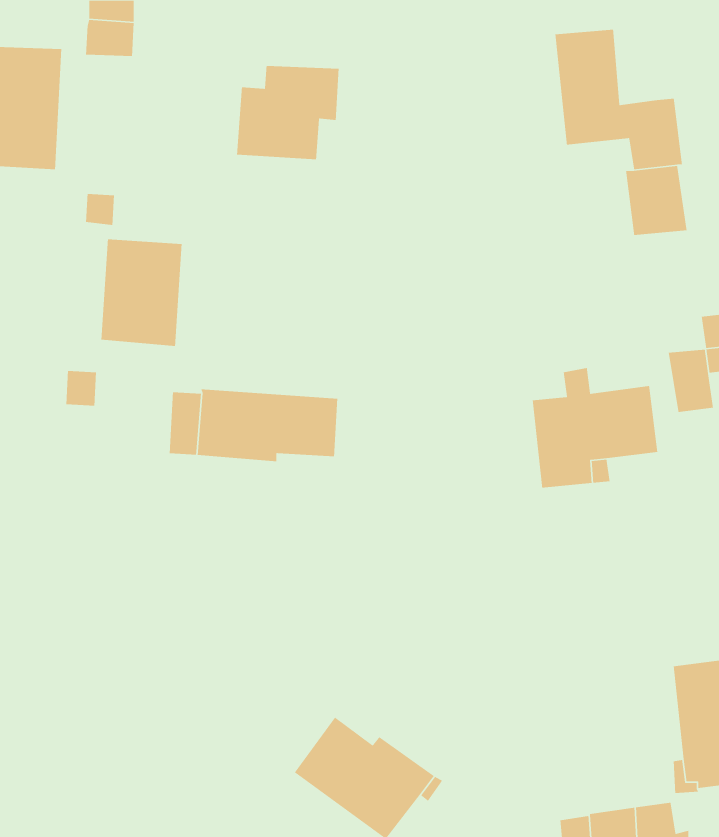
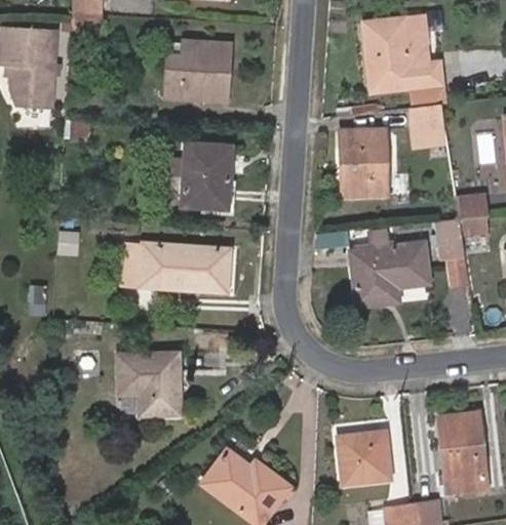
building: none -> [401,16,428,66]
building: none -> [341,129,386,195]
building: [100,238,183,347] -> [181,142,232,209]
building: none -> [117,352,180,415]
building: none -> [337,431,391,485]

